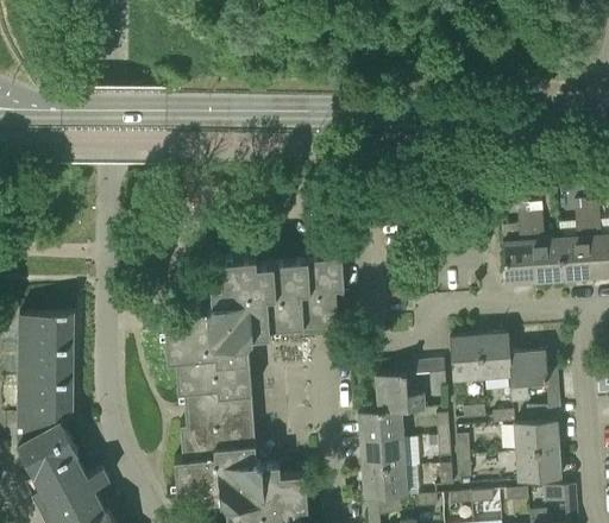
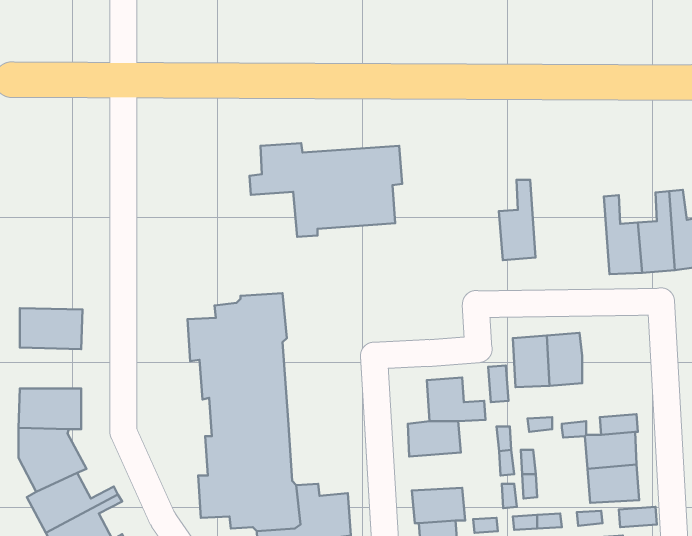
building: [502,214,534,284] -> [499,180,536,260]
building: [211,256,344,338] -> [250,143,402,237]
building: [19,346,73,382] -> none
building: [510,351,547,399] -> none
building: [359,437,406,471] -> none

